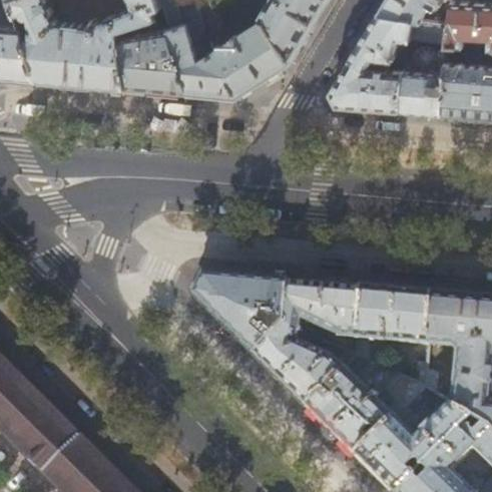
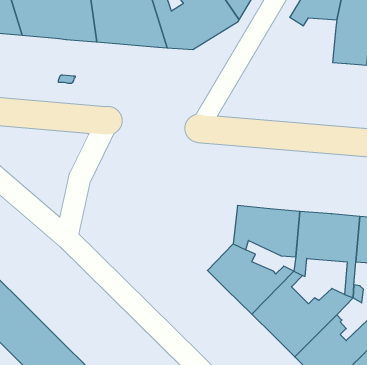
building: [332,59,407,112] -> none
building: [194,273,291,356] -> none

